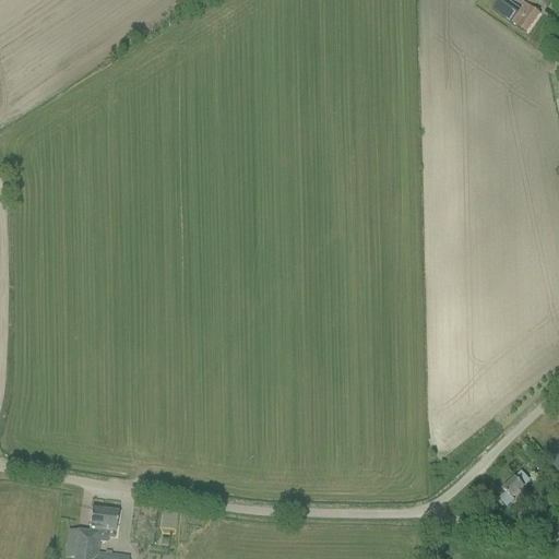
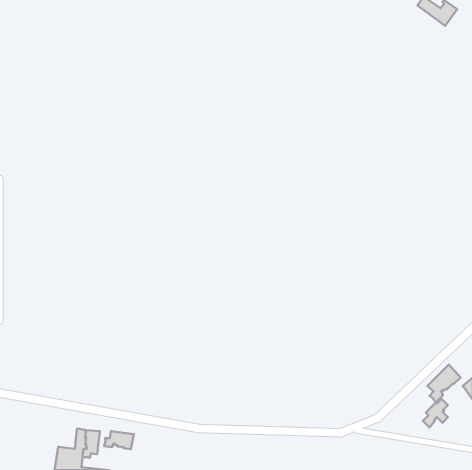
building: none -> [428,365,460,402]
building: none -> [104,431,134,449]

